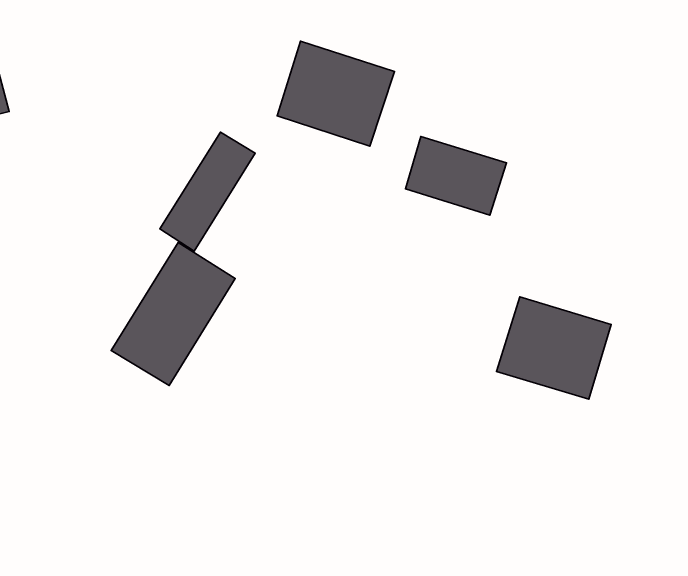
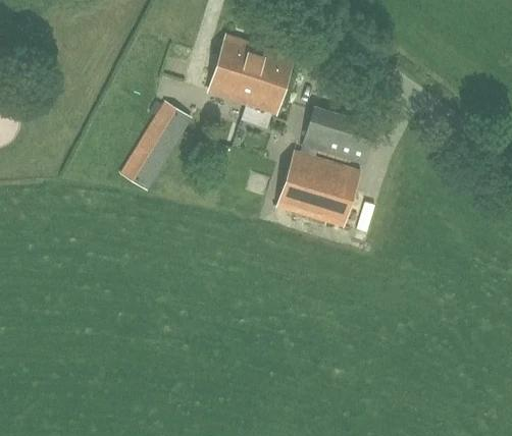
building: [111,242,235,386] -> none
building: [496,297,611,399] -> [276,150,361,225]

